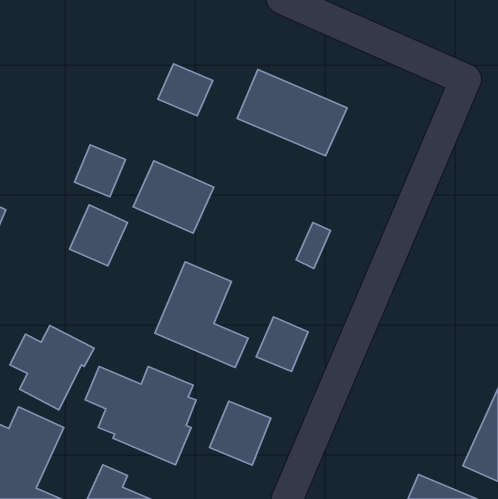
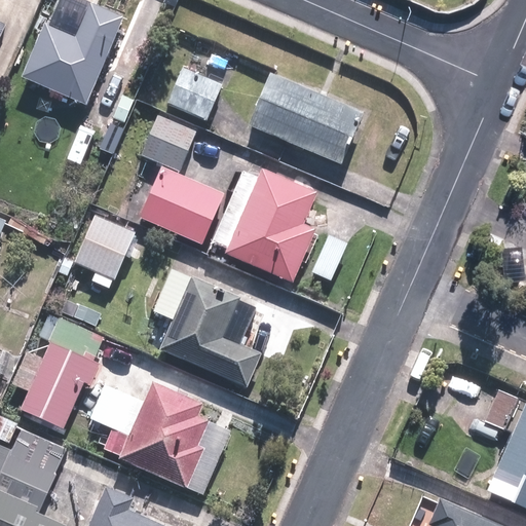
building: none -> [22,4,124,106]
building: [74,145,125,197] -> [141,116,194,171]
building: none -> [211,165,316,283]
building: [256,317,308,371] -> none
building: [209,401,271,465] -> none

